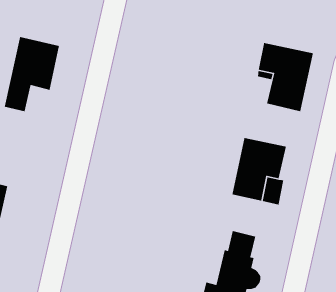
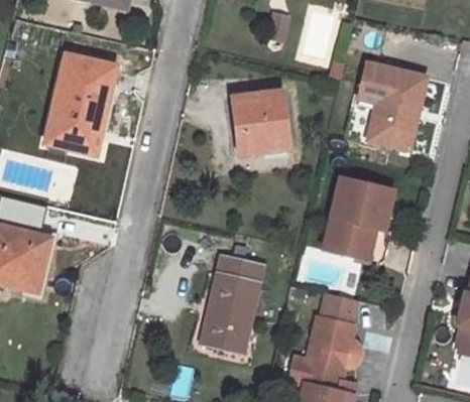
building: none -> [232,90,287,153]
building: none -> [73,115,103,153]
building: none -> [202,255,263,352]

